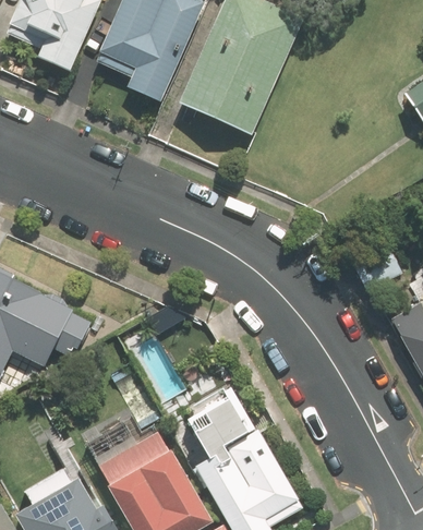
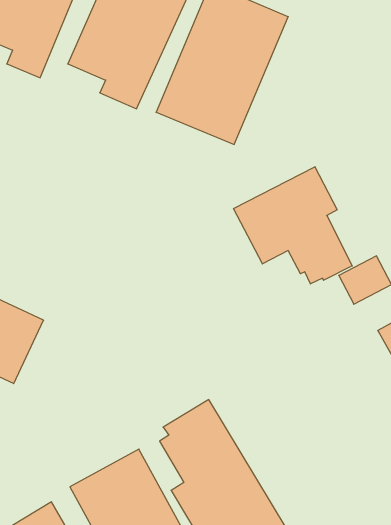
building: none -> [234,167,352,284]

